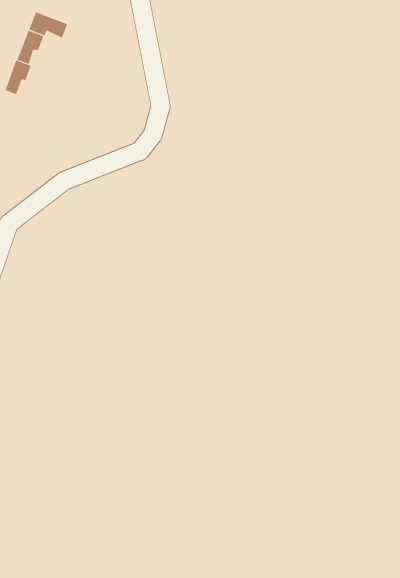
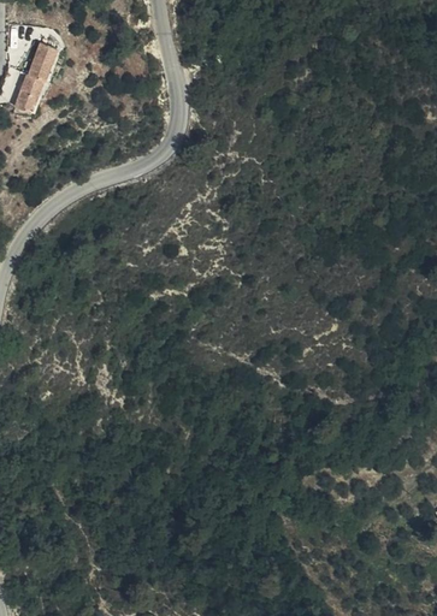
building: [28,11,68,38] -> none

